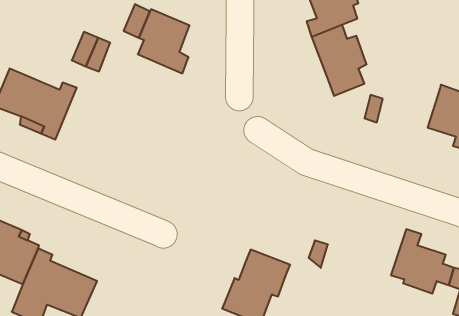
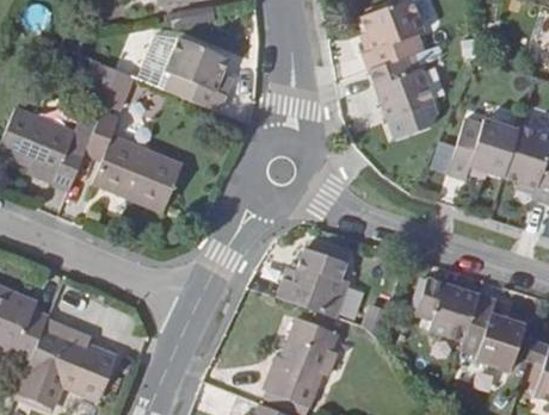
building: none -> [88,109,183,212]
building: none -> [449,118,520,178]
building: none -> [279,231,353,317]
building: none -> [418,277,481,339]

